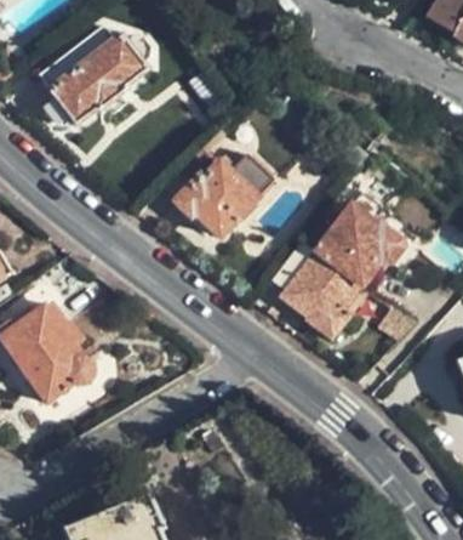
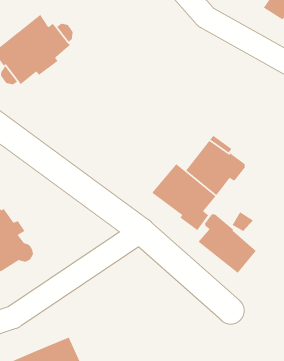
building: [171,147,273,237] -> none
building: none -> [198,214,257,274]

